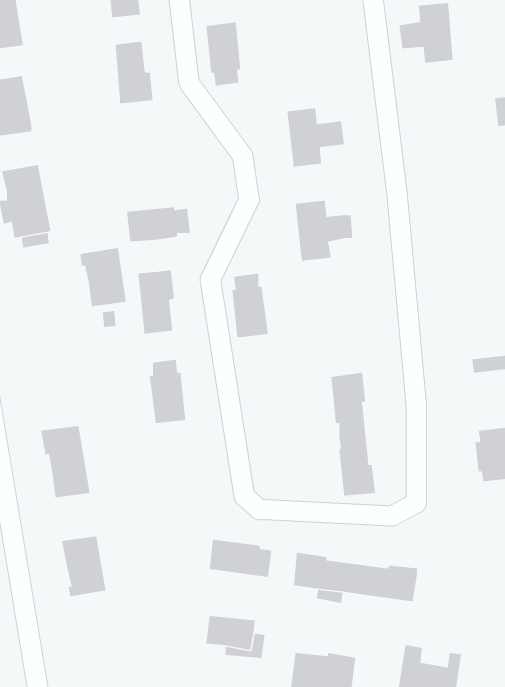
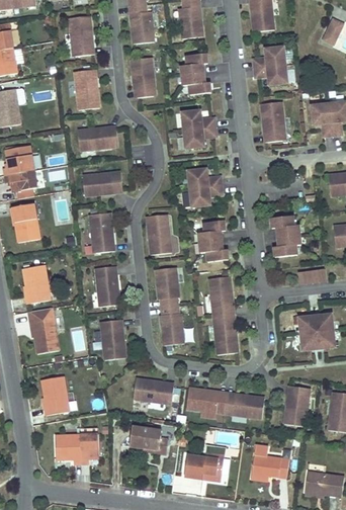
building: none -> [181,53,209,94]
building: none -> [260,100,283,141]
building: none -> [76,126,116,149]
building: [80,247,127,307] -> [10,204,39,242]
building: none -> [269,215,298,256]
building: none -> [198,220,228,261]
building: none -> [21,265,50,304]
building: none -> [155,267,183,345]
building: none -> [100,321,124,360]
building: none -> [283,385,308,426]
building: none -> [55,434,99,465]

